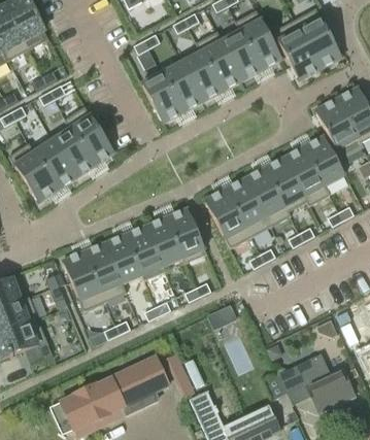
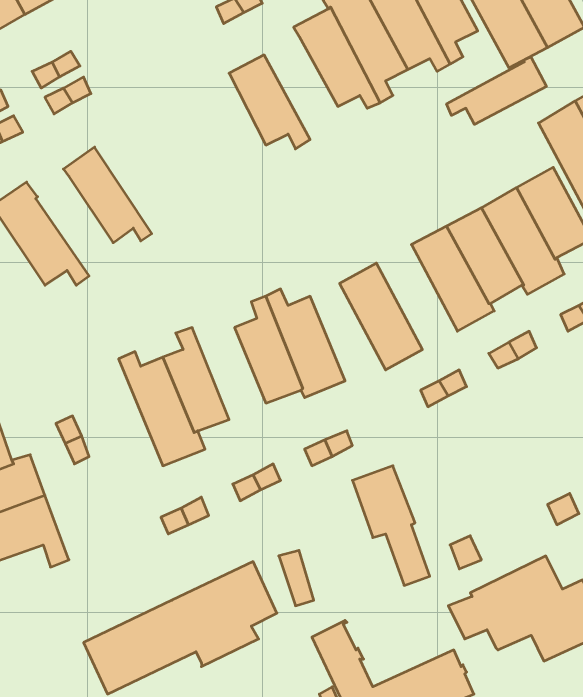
building: [162,62,203,120] -> none
building: none -> [447,57,546,124]
building: [65,106,115,172] -> none
building: [34,140,77,196] -> none
building: [225,178,270,237] -> none
building: [122,222,163,276] -> none
building: [62,242,105,311] -> none

